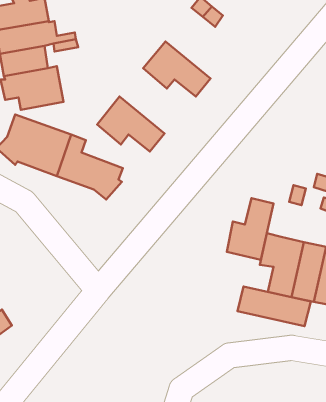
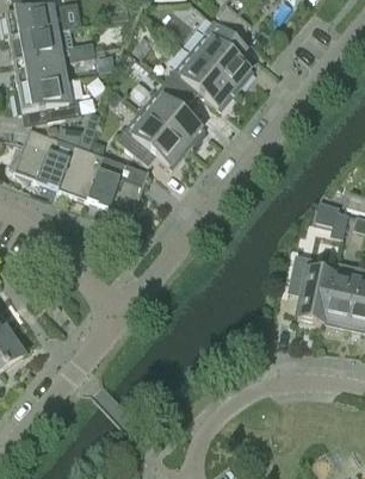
building: none -> [190,20,254,89]
building: none -> [141,79,205,148]
building: [227,198,273,260] -> none
building: [237,287,311,326] -> none

